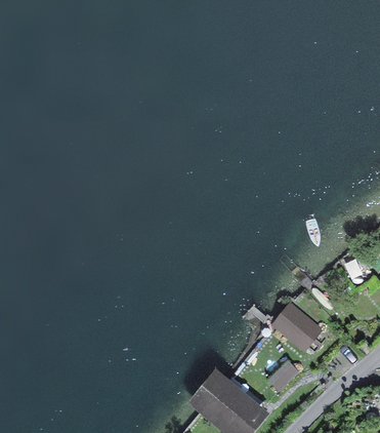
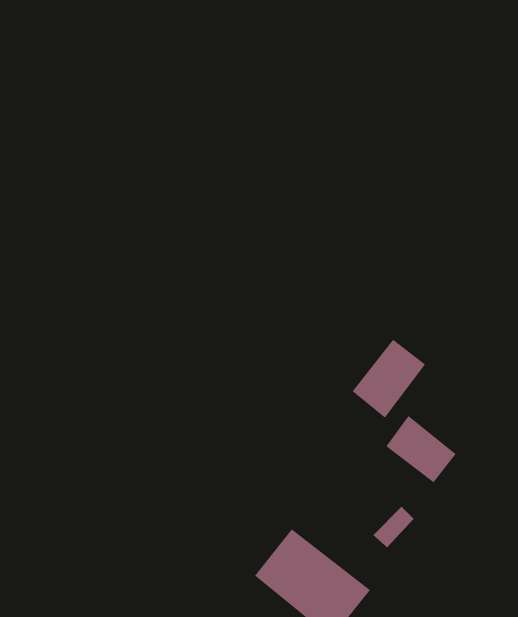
building: none -> [352,339,426,419]

